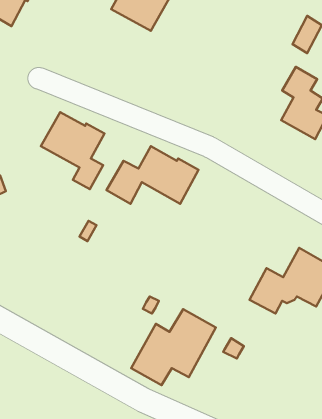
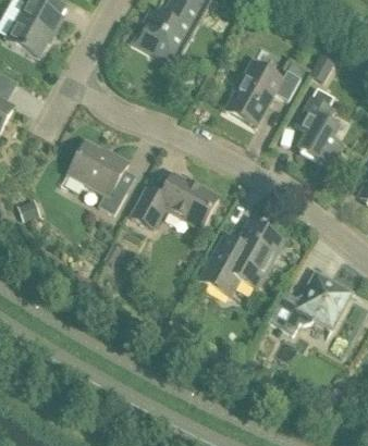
building: none -> [226,61,299,123]
building: [131,309,216,385] -> [199,222,281,295]

